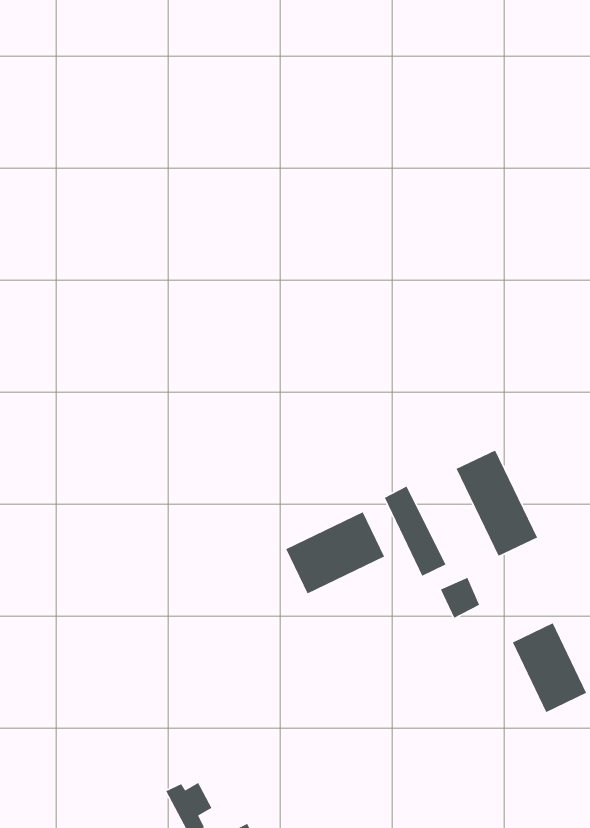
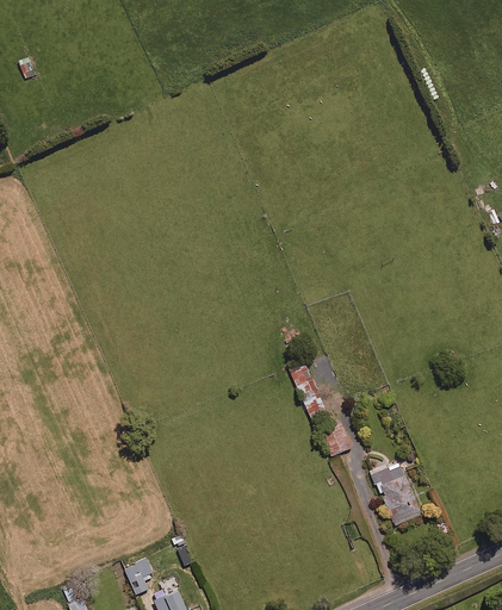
building: [455,450,538,557] -> none
building: [285,511,385,594] -> none

